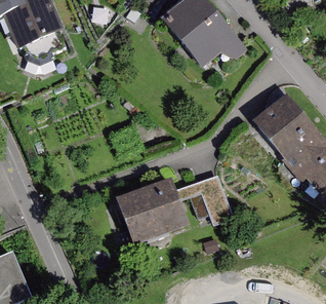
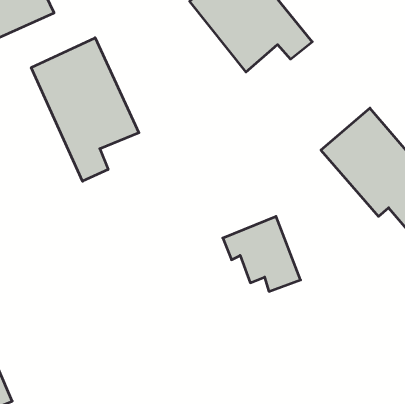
building: none -> [31,38,139,181]
building: [118,177,189,243] -> none

